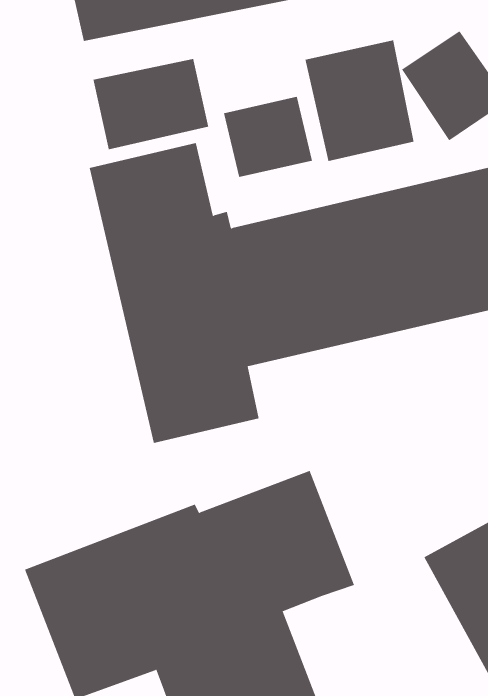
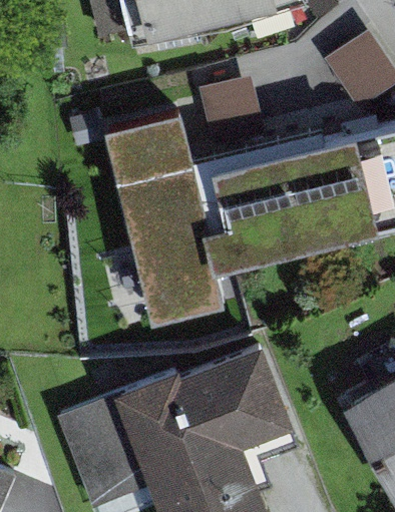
building: [305,40,414,162] -> none
building: [93,58,209,150] -> none

